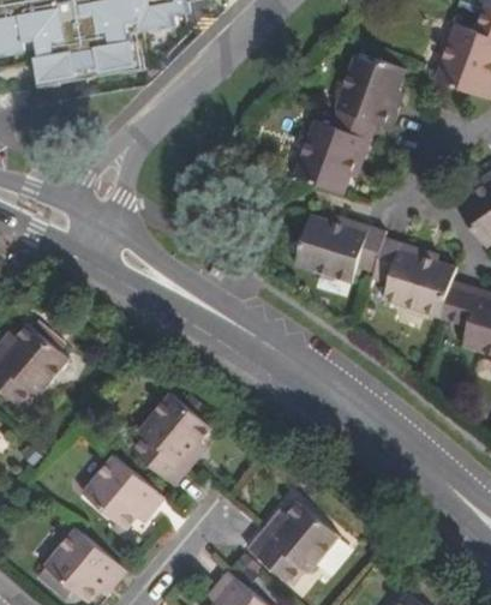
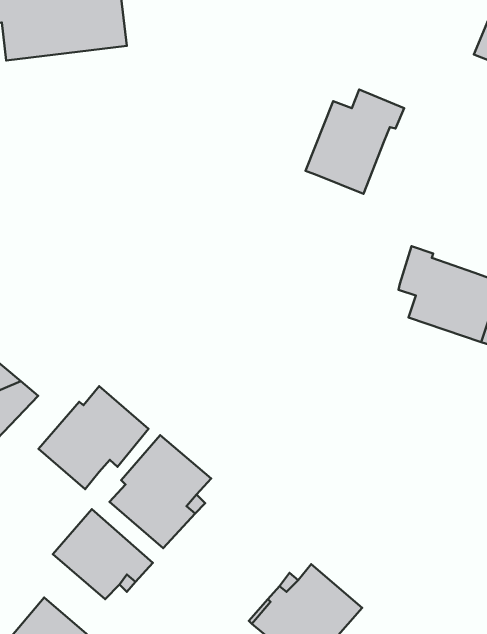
building: [333,52,406,127] -> none
building: [293,214,382,282] -> none
building: none -> [39,386,149,489]

